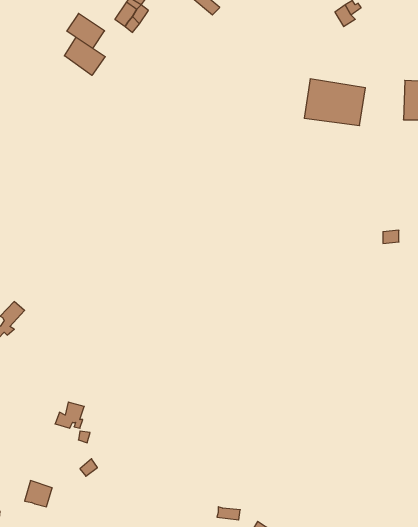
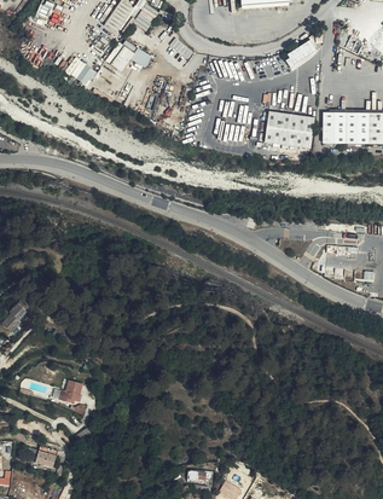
building: [64,37,105,75] -> none
building: none -> [323,112,347,145]

